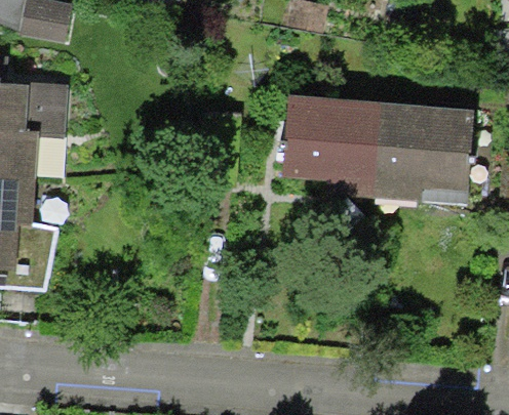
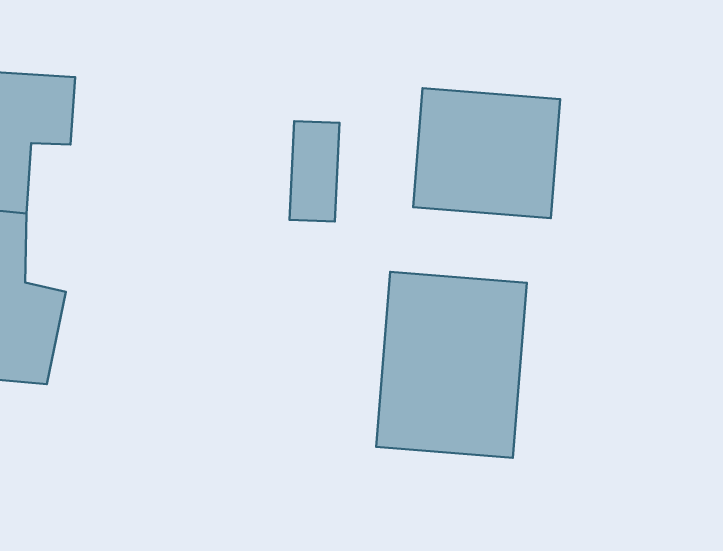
building: [375,102,471,203] -> none
building: none -> [376,272,527,458]

